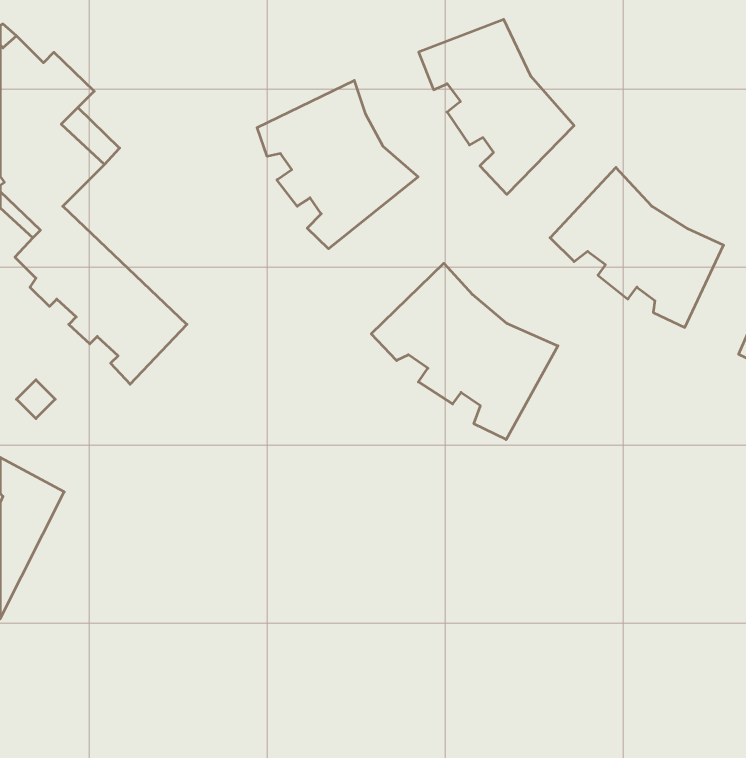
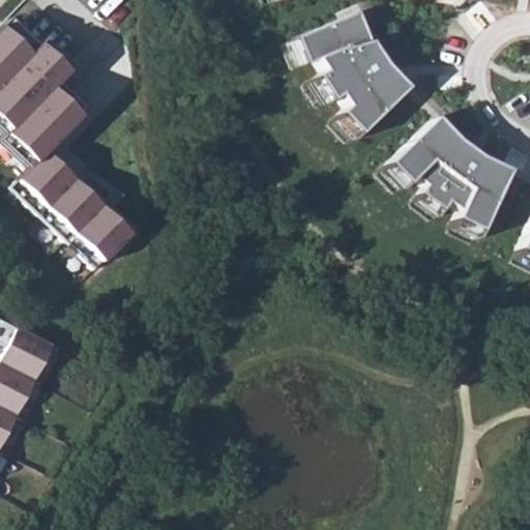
building: [257,80,418,249] -> none
building: [371,263,558,440] -> none

